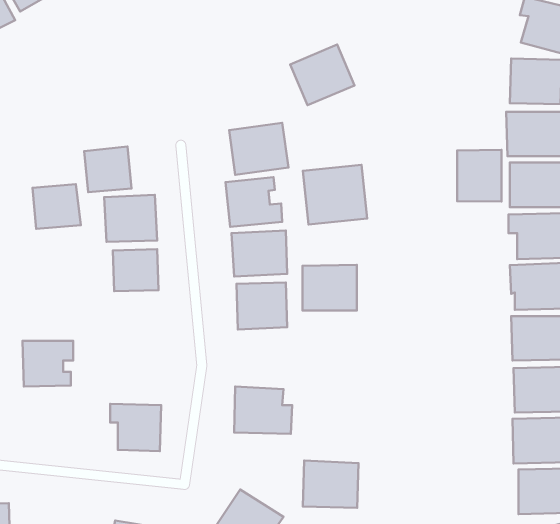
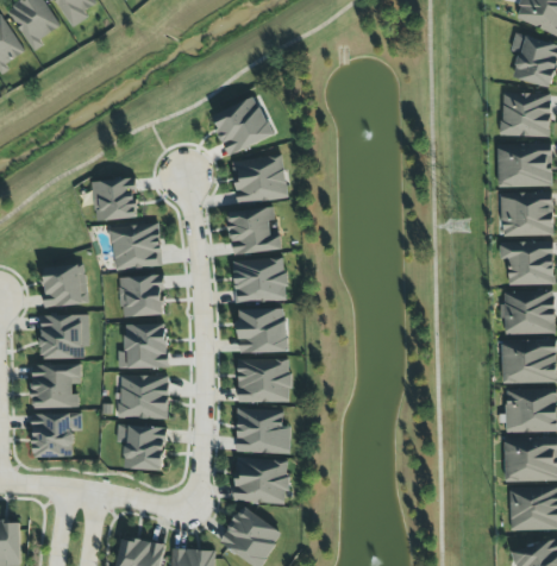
building: [290,45,354,105] -> [212,96,274,155]
building: [457,150,501,202] -> none
building: [303,165,367,225] -> none
building: [33,184,81,229] -> [42,264,88,307]
building: [302,265,357,311] -> [238,358,290,402]
building: none -> [39,314,89,359]
building: none -> [118,323,168,367]
building: none -> [119,375,169,419]
building: none -> [32,413,82,457]
building: [303,461,359,508] -> [234,458,288,503]

